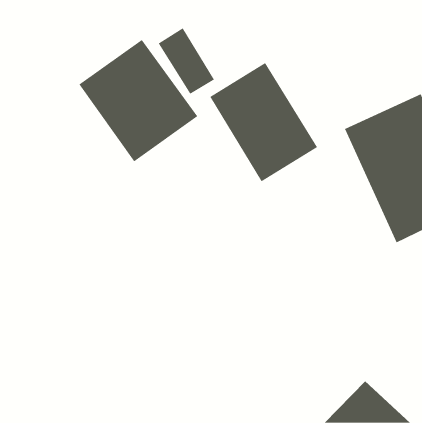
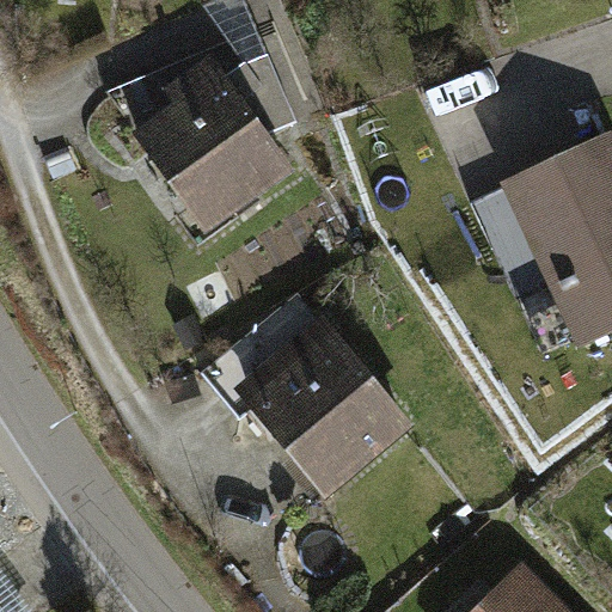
building: [210,62,318,182] -> none
building: none -> [237,322,410,496]

